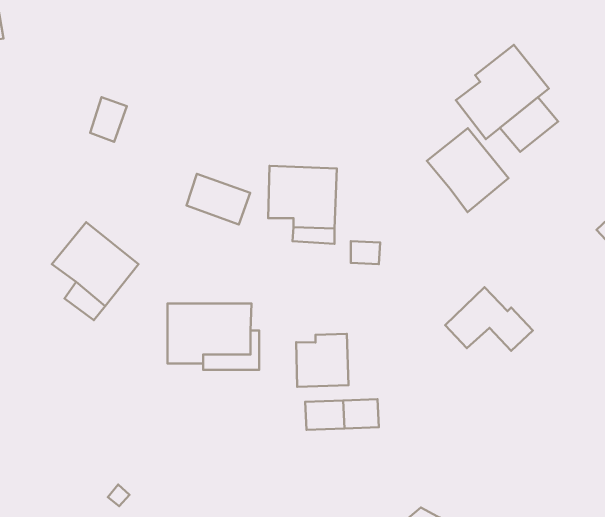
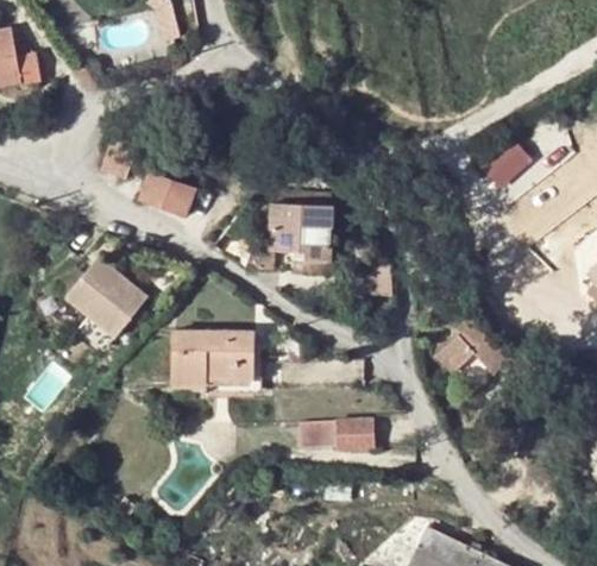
building: [456,45,549,139] -> none
building: [427,128,509,212] -> none
building: [186,174,250,225] -> [139,170,199,218]
building: [296,334,349,387] -> none

